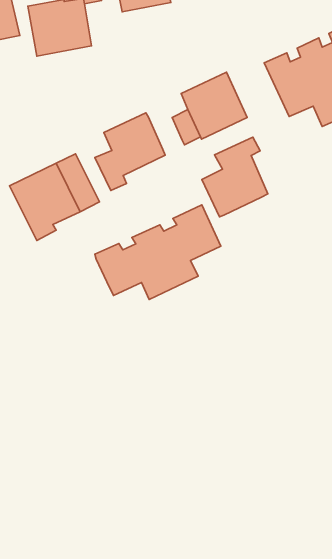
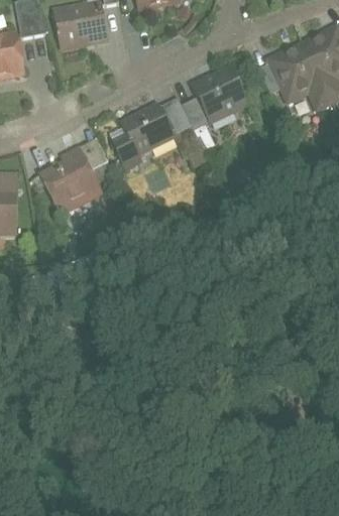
building: none -> [160,96,191,133]
building: [202,137,268,217] -> none
building: [95,205,221,299] -> none

